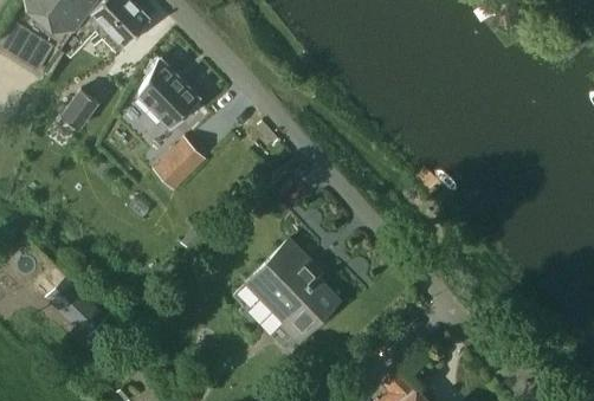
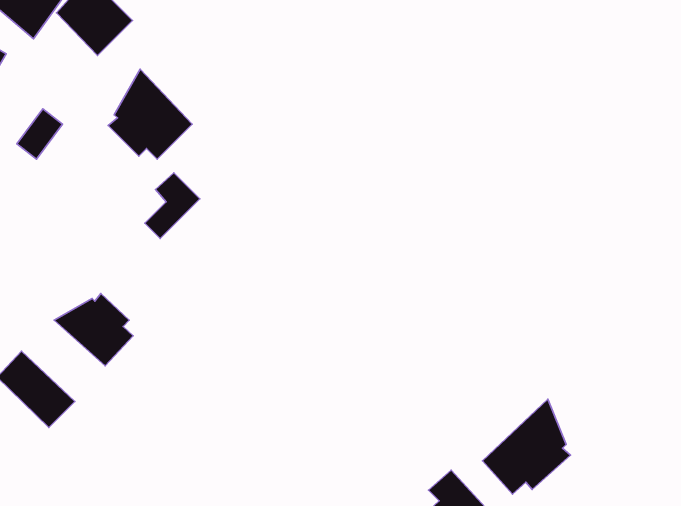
building: none -> [54,293,133,366]
building: [246,240,338,338] -> none
building: none -> [482,399,570,494]

